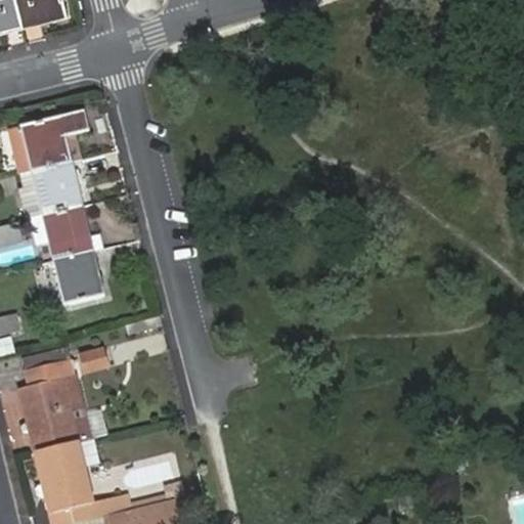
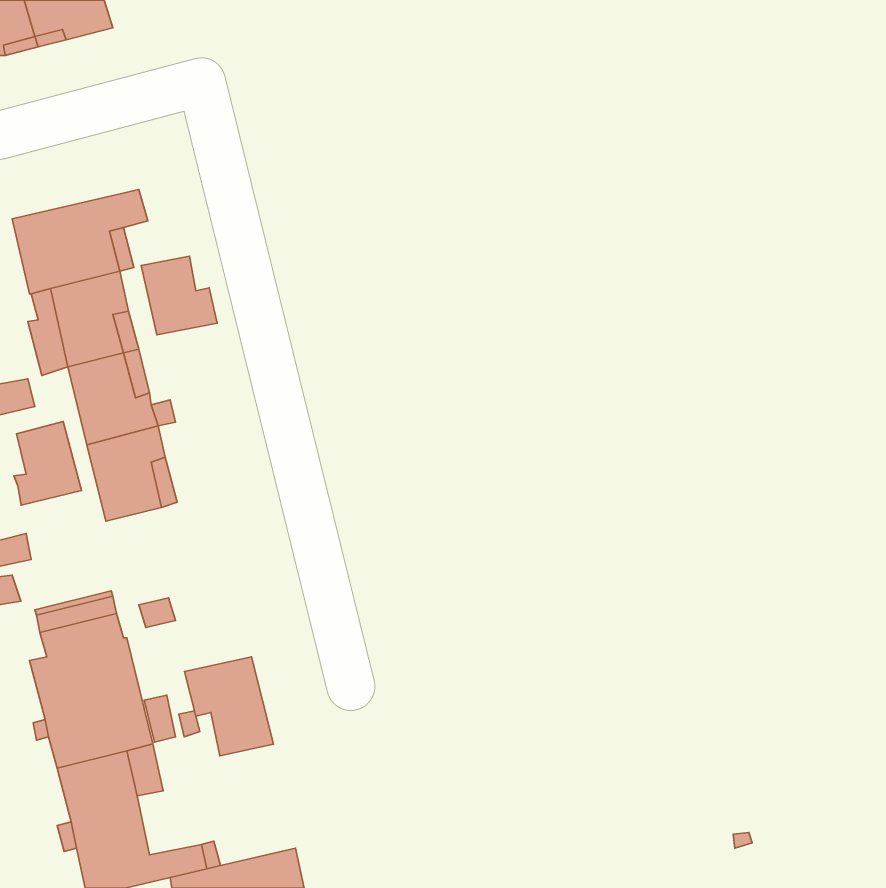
building: none -> [141,256,217,335]
building: none -> [14,421,82,505]
building: none -> [185,657,273,756]

